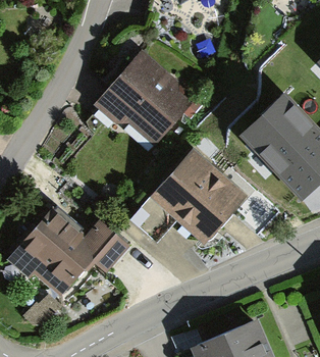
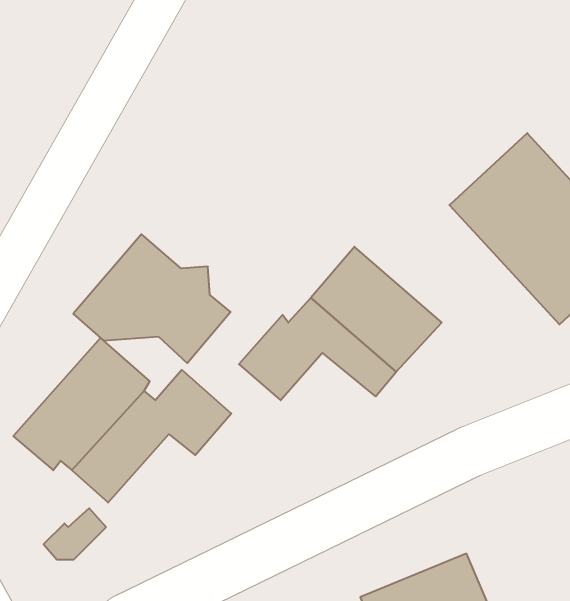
building: [99,62,183,132] -> [73,234,231,363]

